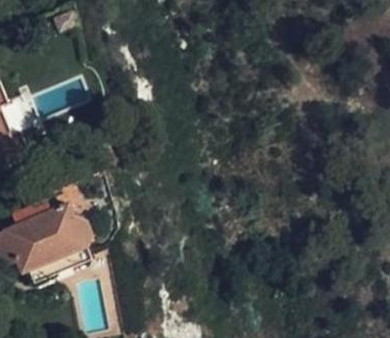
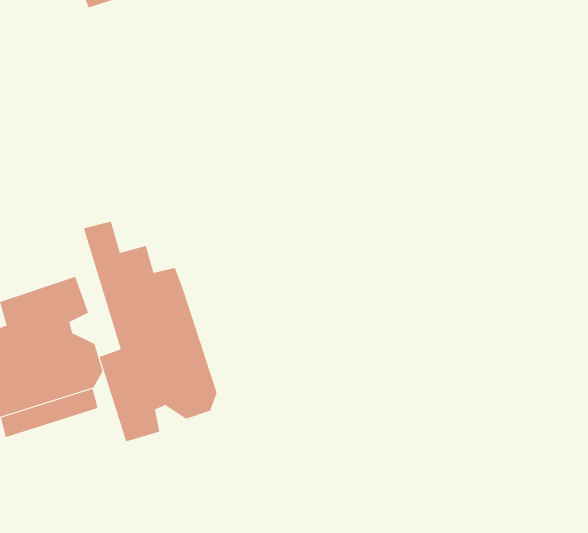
building: none -> [83,221,217,442]

